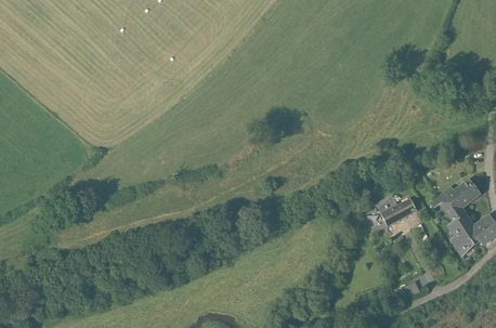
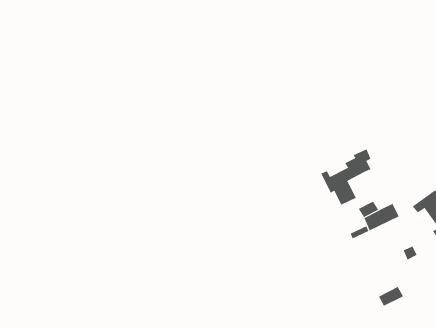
building: none -> [320,149,371,206]

